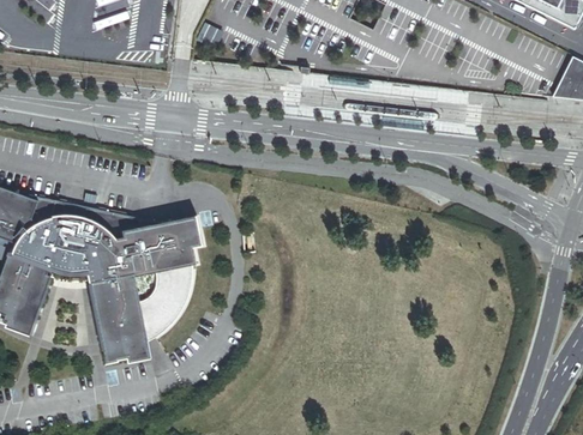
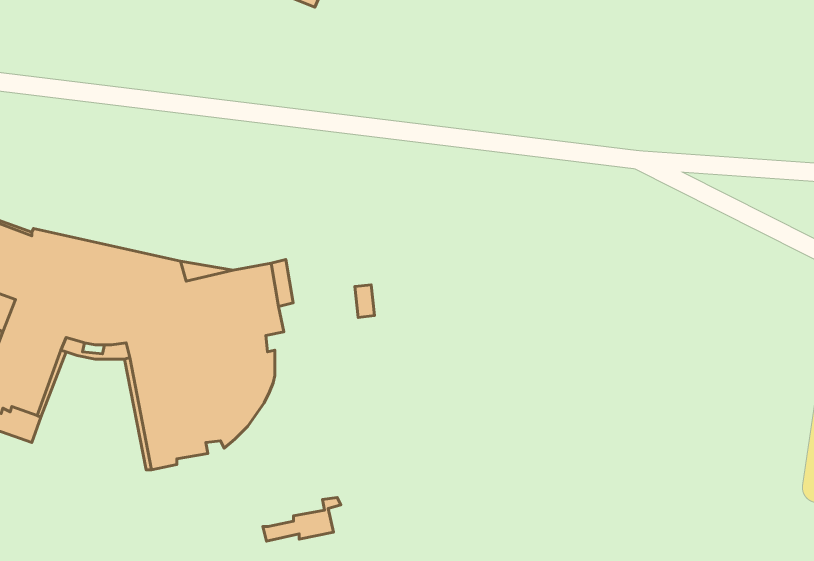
building: [104,336,156,364] -> [263,498,341,541]

